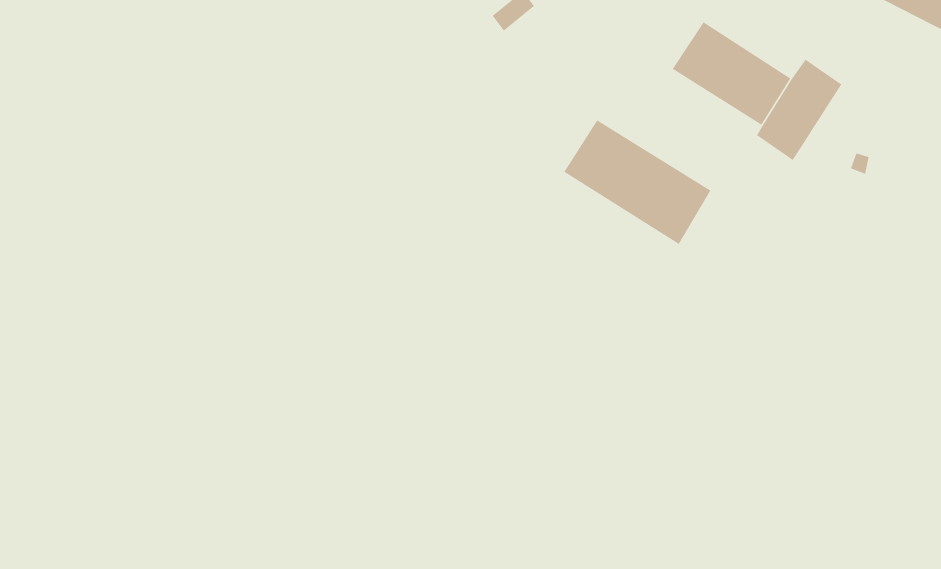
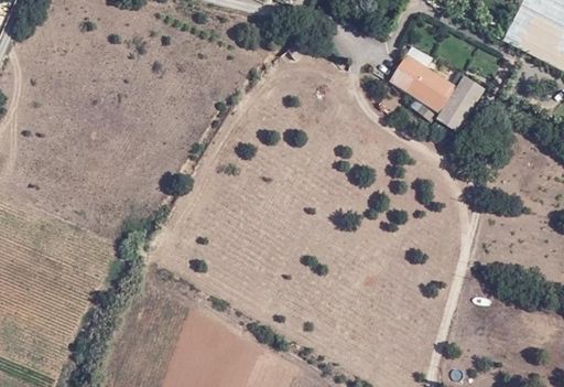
building: [564,119,711,245] -> none

